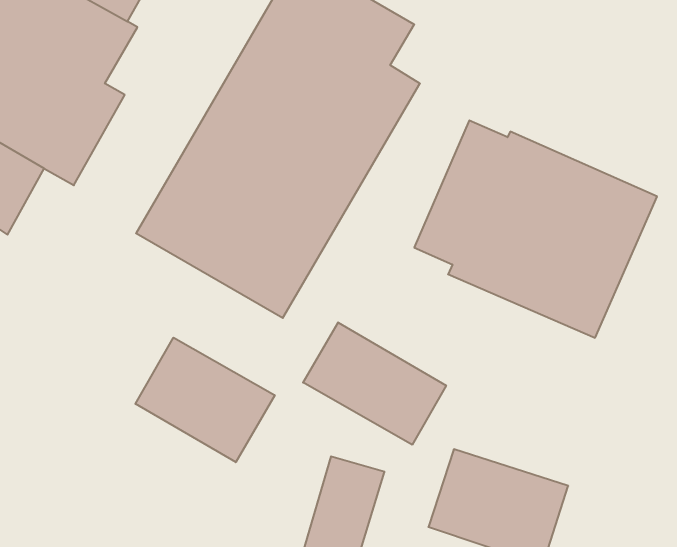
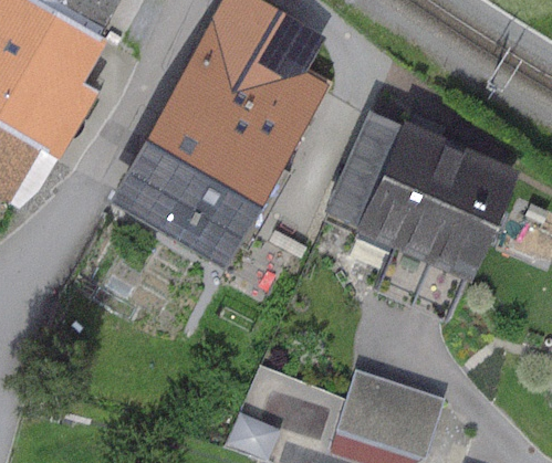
building: [303,322,446,445] -> none
building: [135,338,275,462] -> none

